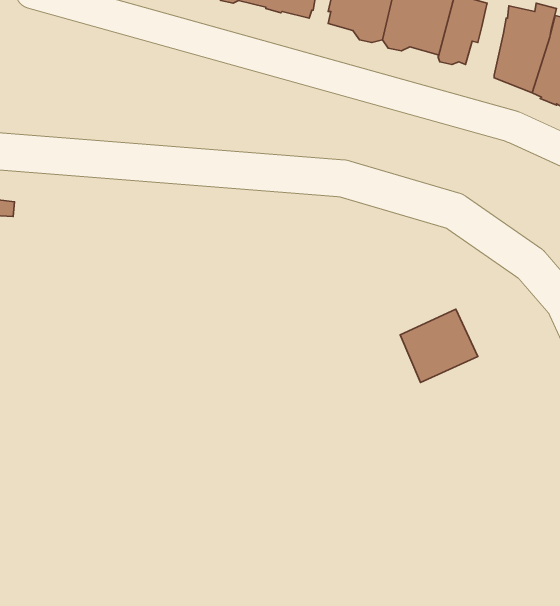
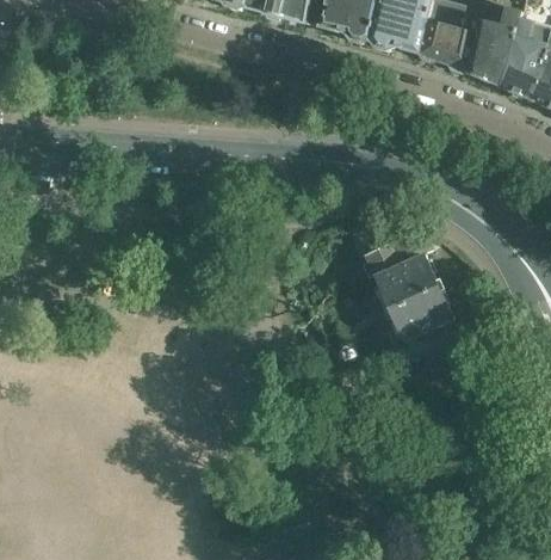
building: none -> [442,11,479,72]
building: none -> [366,234,434,297]

